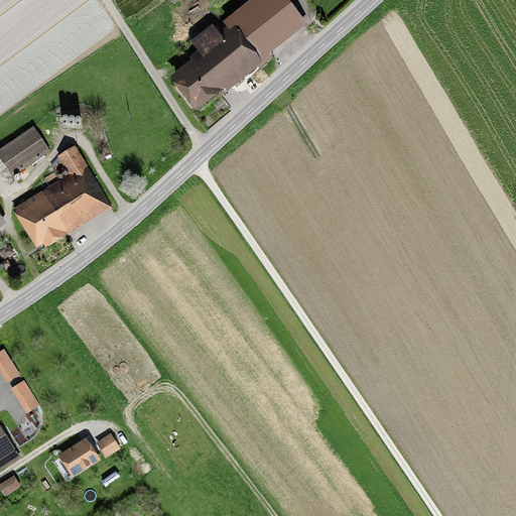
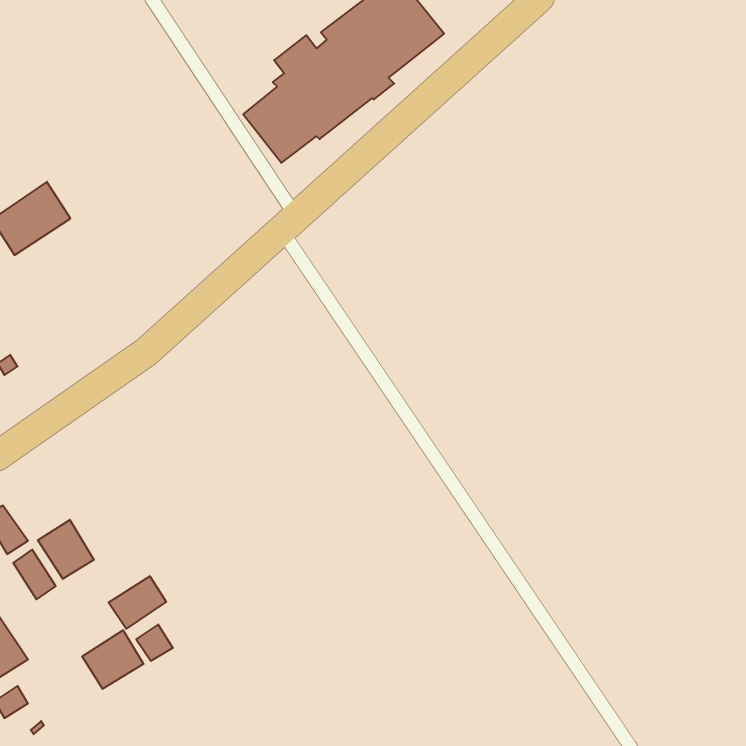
building: [11,145,111,249] -> none
building: none -> [38,520,94,579]
building: none -> [109,576,166,629]

